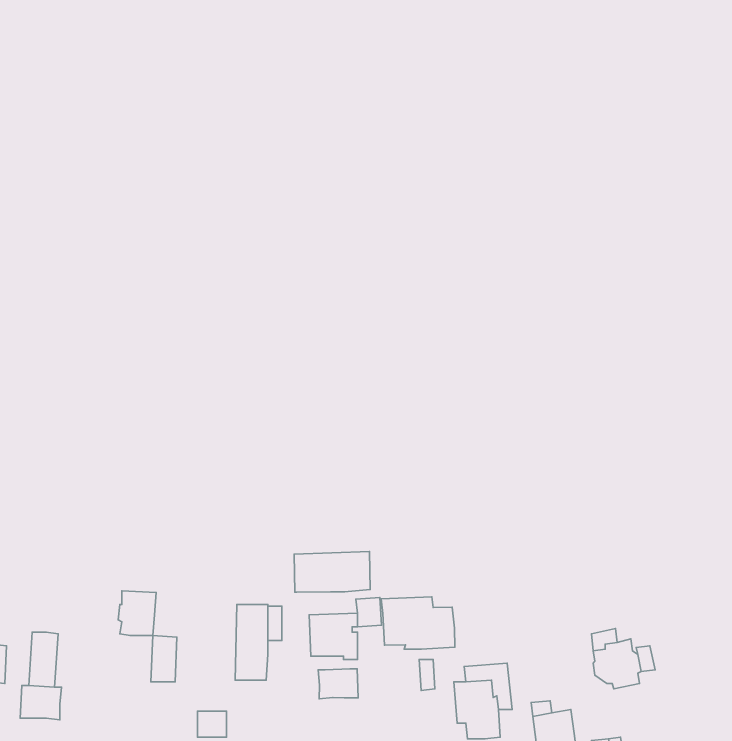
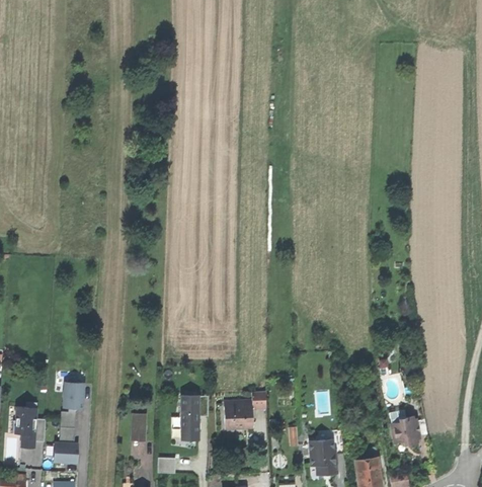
building: [294,551,370,592] -> none
building: [118,591,156,635] -> [62,383,84,409]
building: [381,597,455,649] -> none
building: [318,669,358,699] -> none

